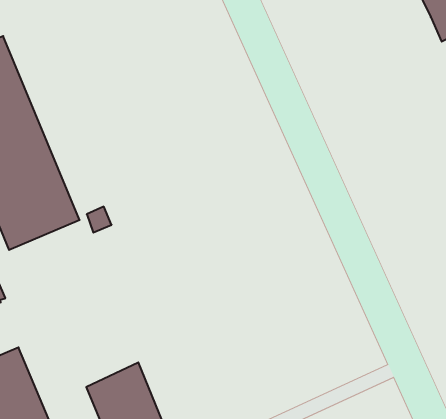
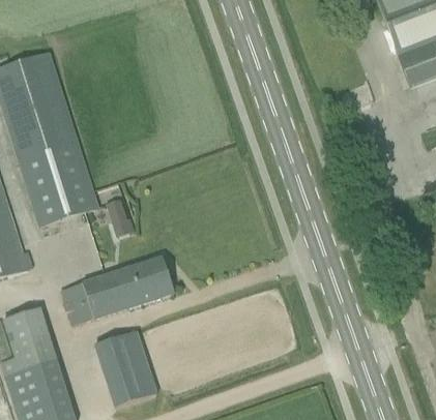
building: none -> [62,258,173,325]

